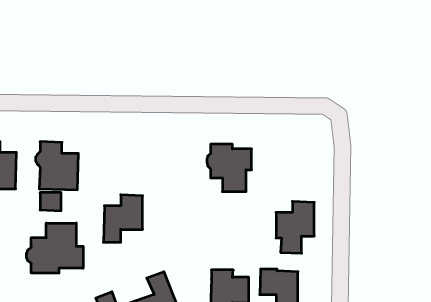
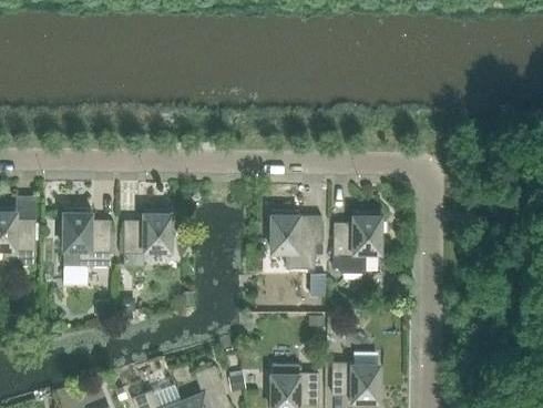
building: [103,195,143,242] -> [123,208,171,266]
building: [276,201,314,253] -> [334,211,380,274]
building: [27,223,83,273] -> none

